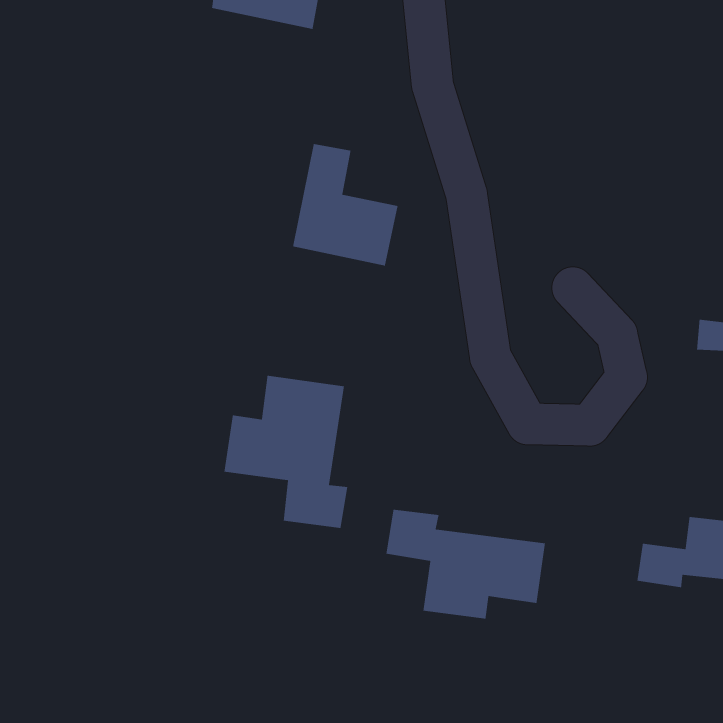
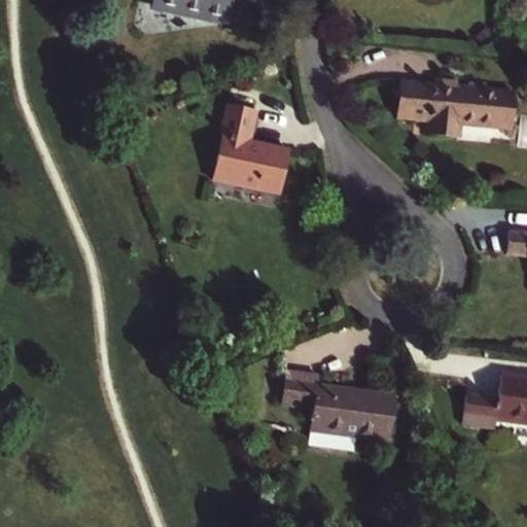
building: none -> [397,81,516,137]
building: [224,375,348,529] -> none

